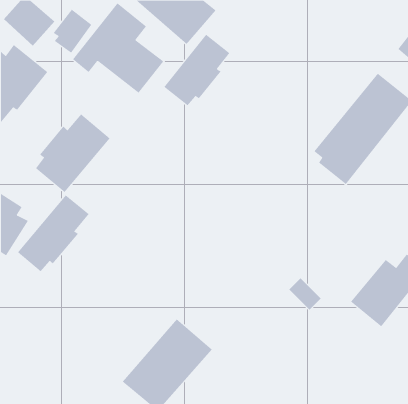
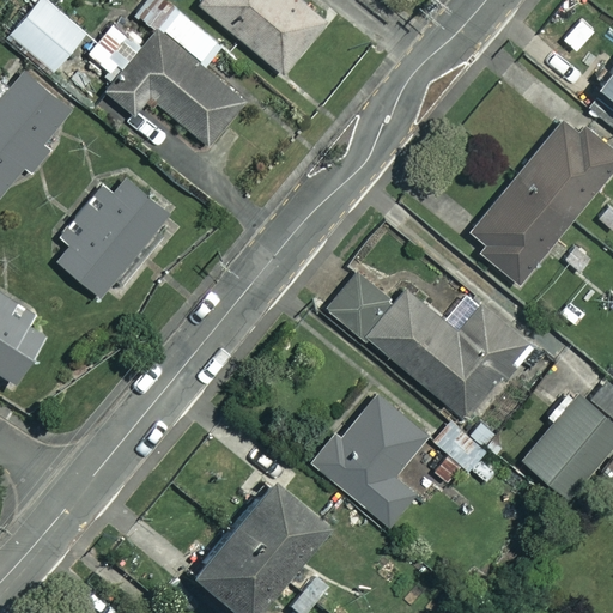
building: [163,34,230,106] -> none
building: none -> [329,272,530,418]
building: [17,194,89,272] -> none
building: none -> [316,394,425,524]

